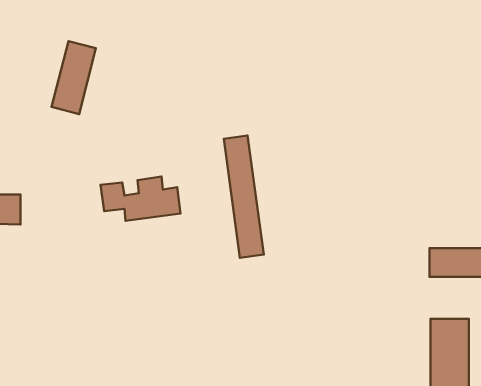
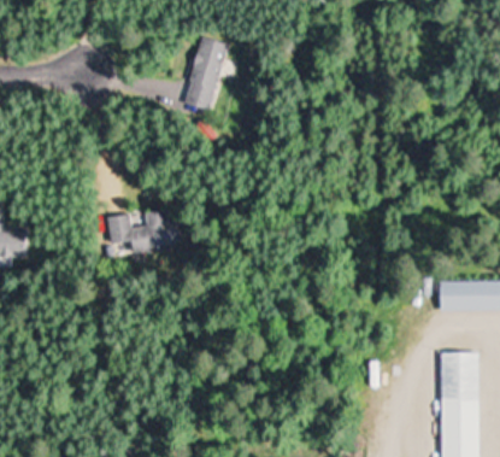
building: [52,41,96,114] -> [183,37,228,111]
building: [224,136,264,258] -> none

